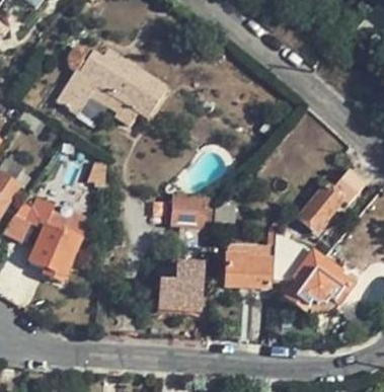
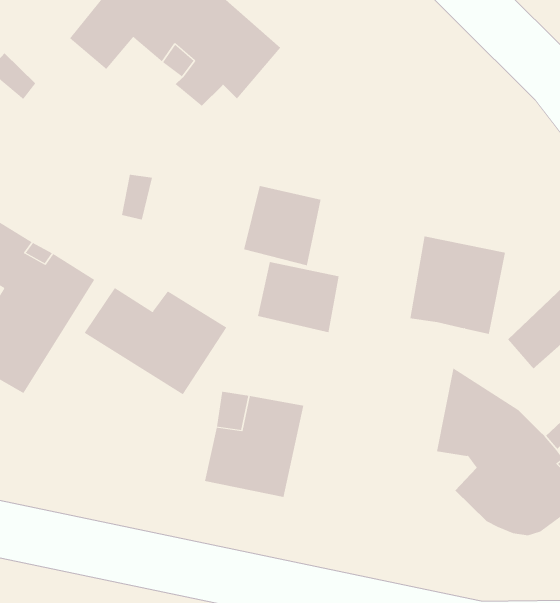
building: none -> [244,185,321,266]
building: none -> [84,287,227,395]
building: [226,243,270,288] -> [409,236,506,334]

